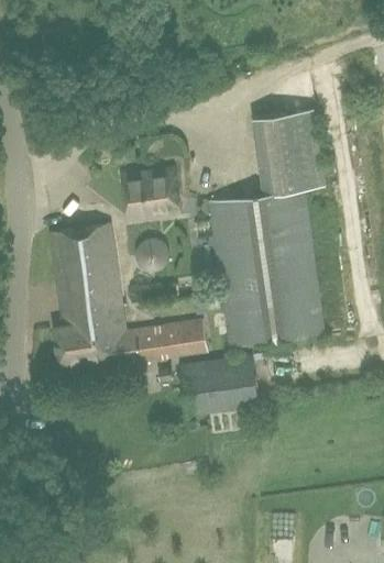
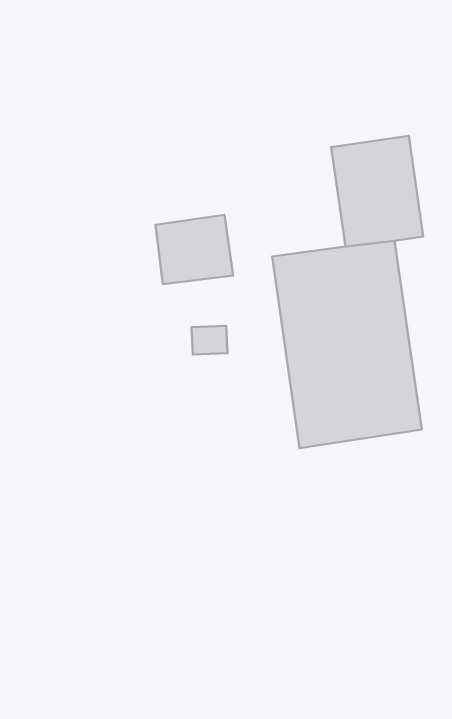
building: [52,224,207,363] -> none
building: [183,354,259,413] -> none

